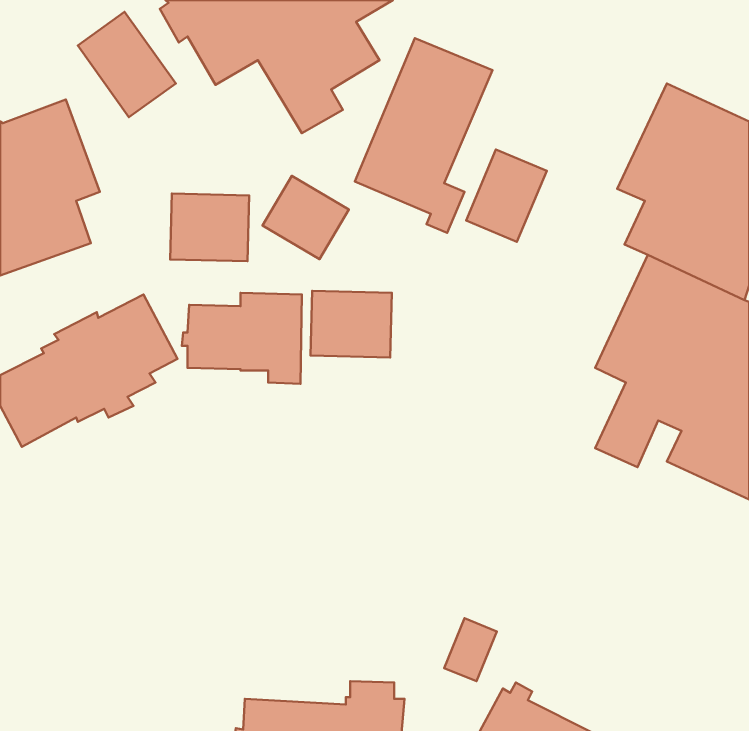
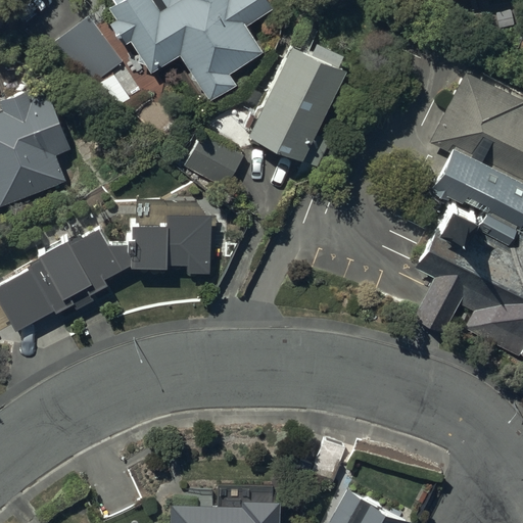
building: [466,150,547,242] -> none
building: [170,194,249,261] -> none
building: [310,291,392,358] -> none

